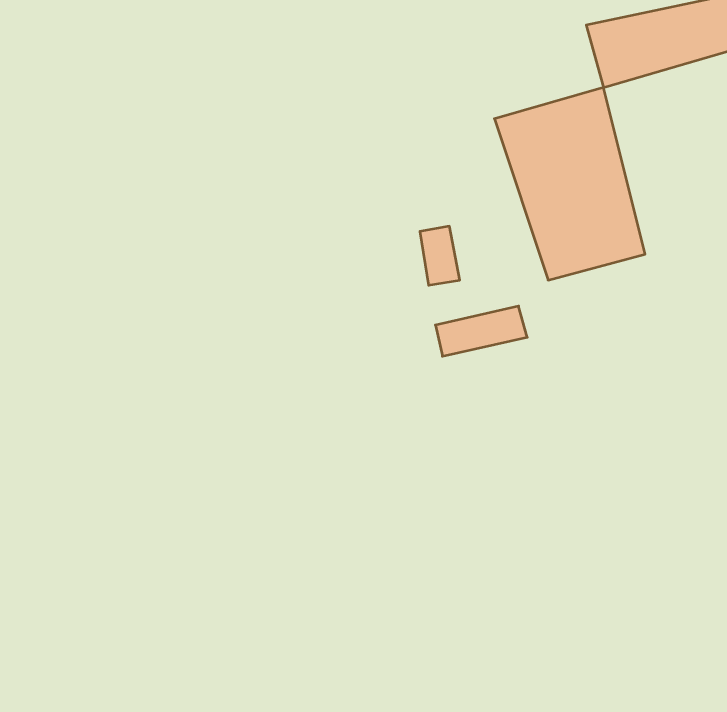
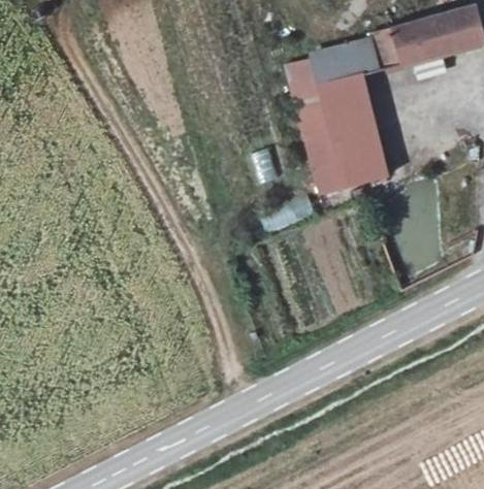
building: none -> [306,54,350,88]

